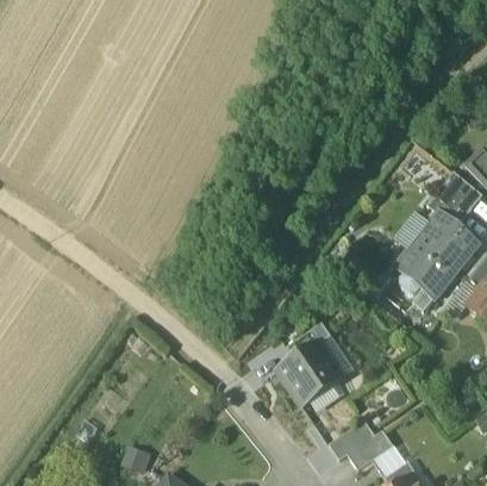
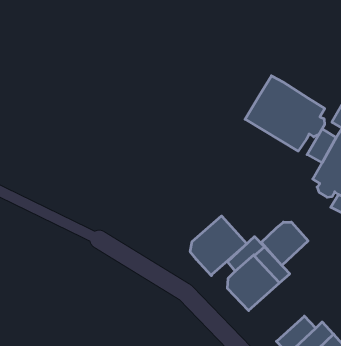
building: none -> [245,76,325,151]
building: none -> [190,216,247,276]
building: none -> [261,222,308,265]

